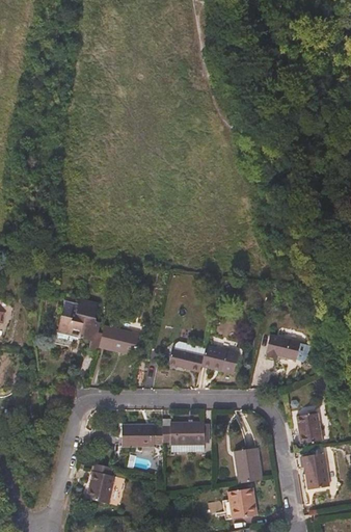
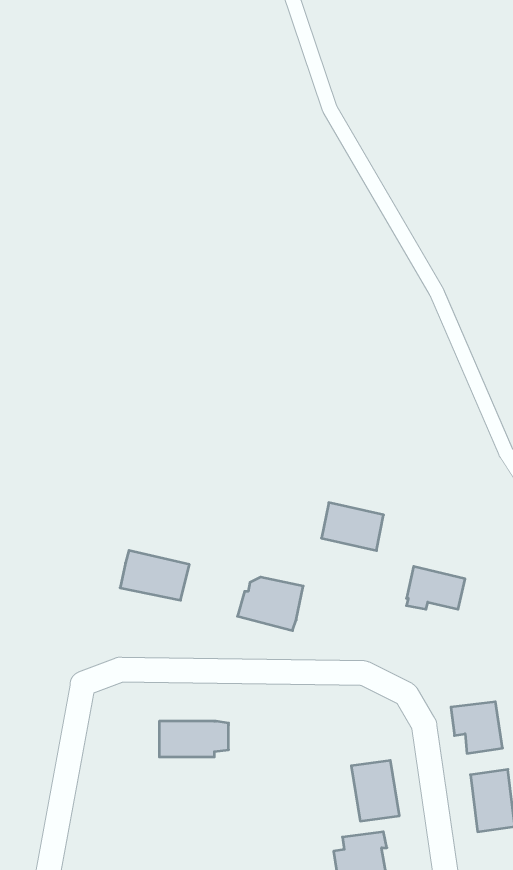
building: [58,299,103,350] -> none
building: [202,345,239,373] -> [321,503,384,551]
building: [163,423,206,445] -> none
building: [87,463,115,503] -> none

